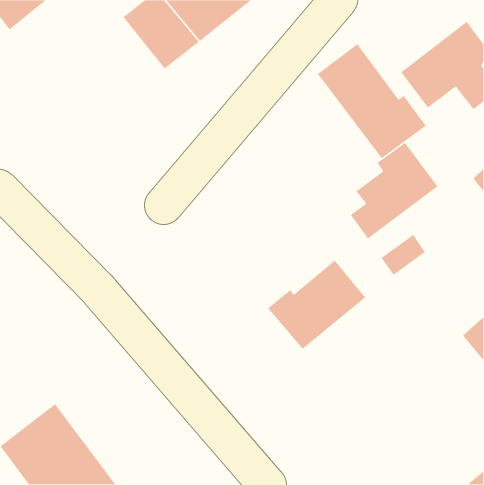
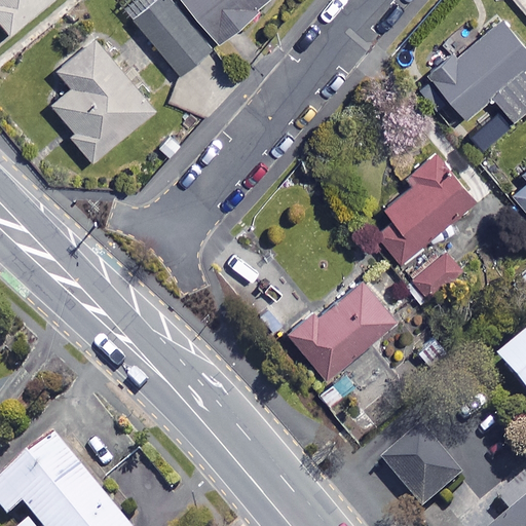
building: none -> [52,38,154,160]
building: [317,43,427,159] -> none
building: none -> [381,431,460,512]

